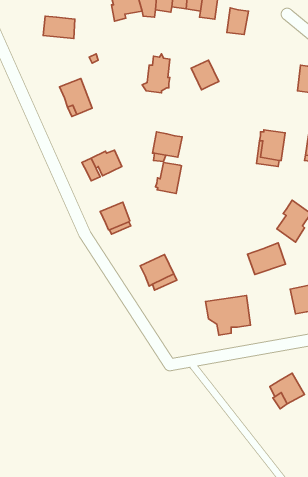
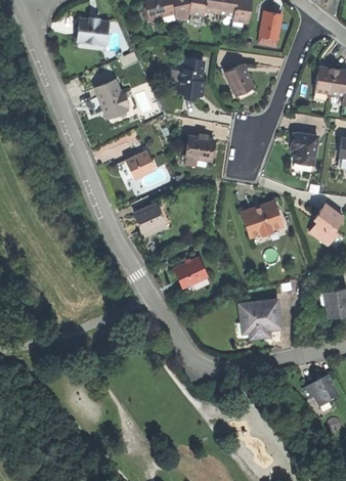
building: none -> [314,65,334,93]
building: [155,162,181,194] -> none
building: [248,243,285,275] -> [243,202,280,233]

